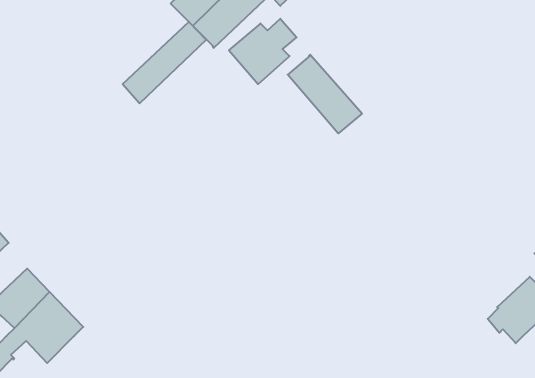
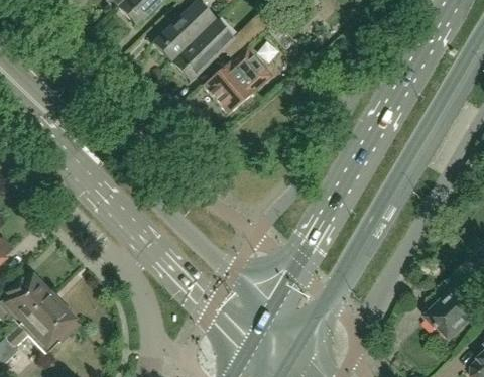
building: [123,22,206,103] -> none
building: [288,55,362,133] -> none

